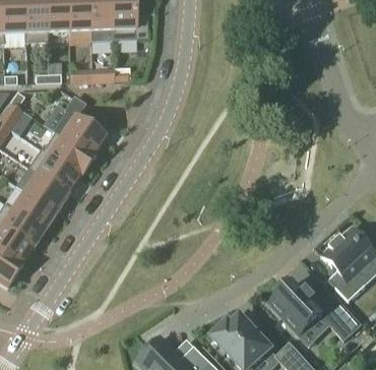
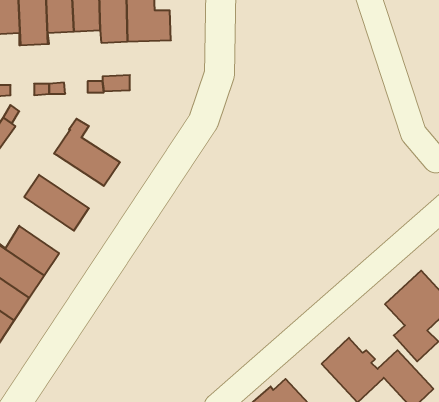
building: [40,132,92,176] -> none
building: [23,167,68,212] -> none

